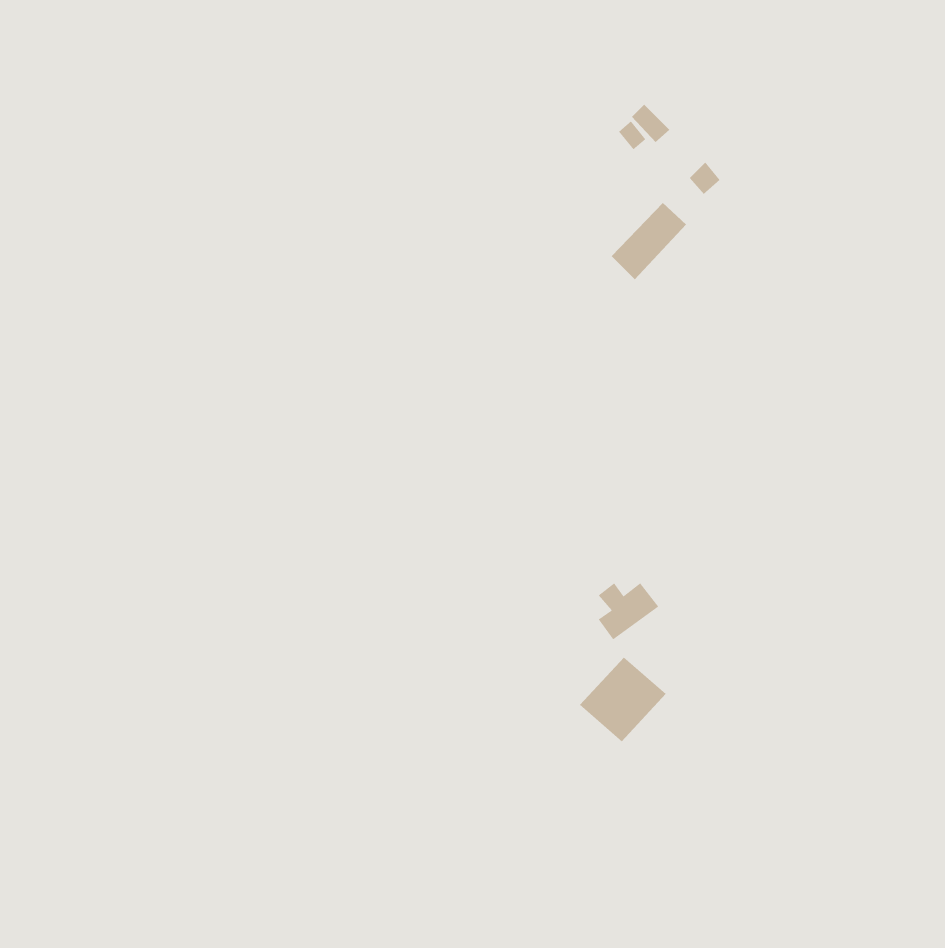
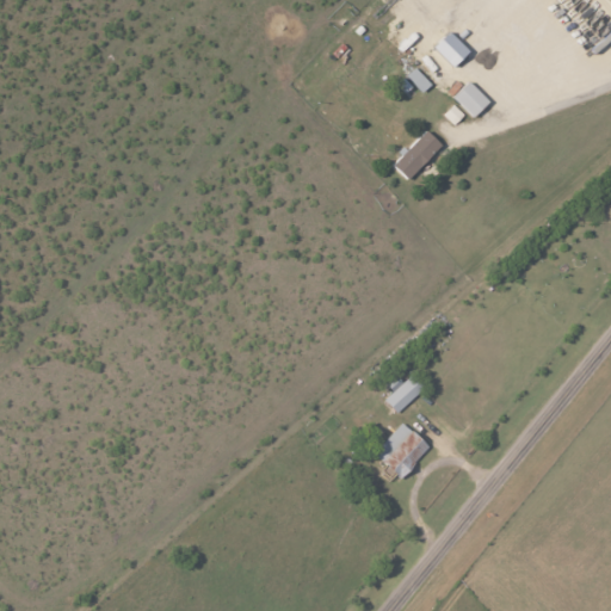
building: none -> [434,31,471,67]
building: none -> [455,81,490,117]

